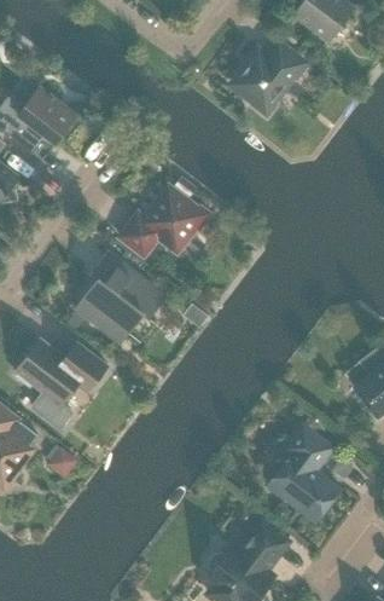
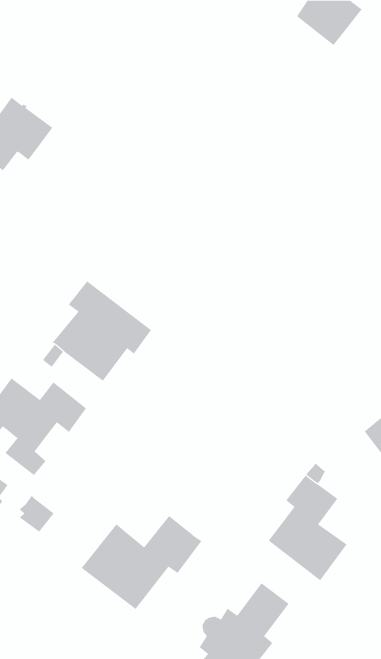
building: [231,44,304,115] -> none
building: [120,178,208,255] -> none
building: none -> [81,515,202,610]

